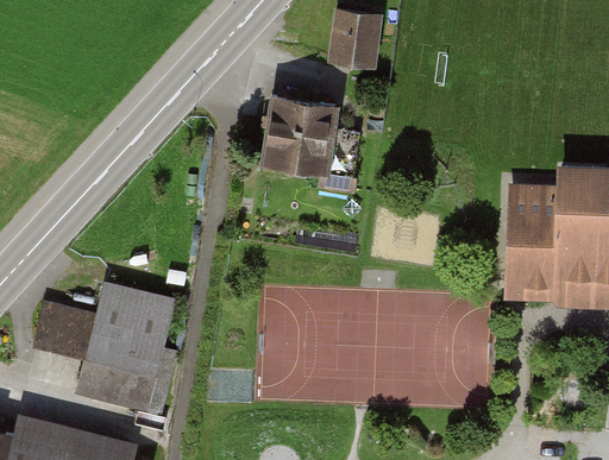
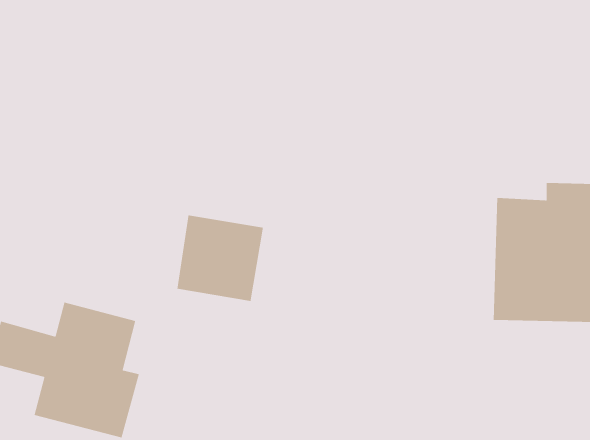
building: [327,10,382,69] -> none
building: [258,94,340,176] -> [176,214,264,302]

